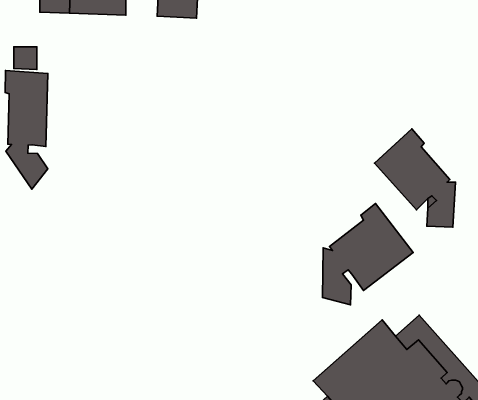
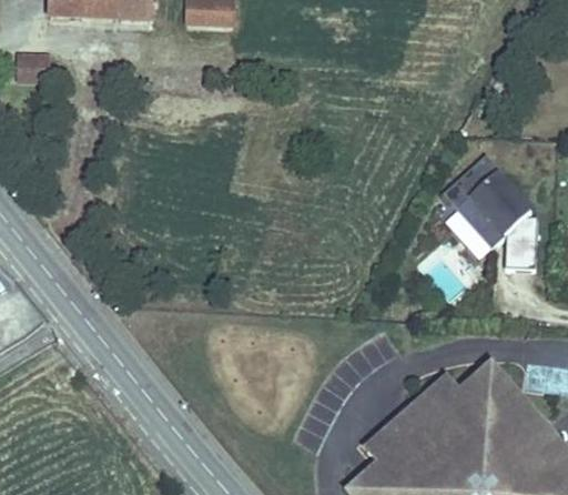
building: [5,71,48,189] -> none
building: [322,204,413,305] -> none

